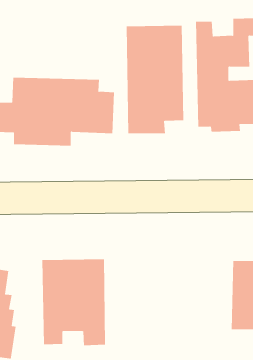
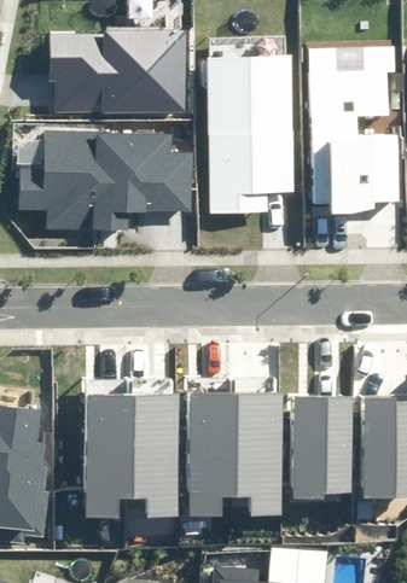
building: none -> [48,30,188,111]
building: none -> [187,392,281,515]
building: none -> [293,398,351,500]

